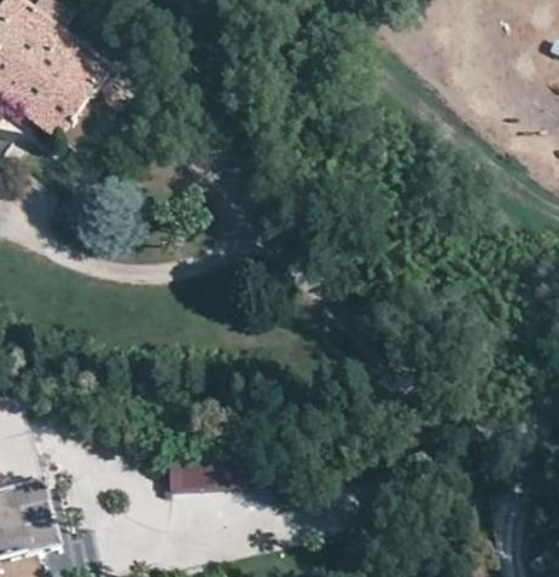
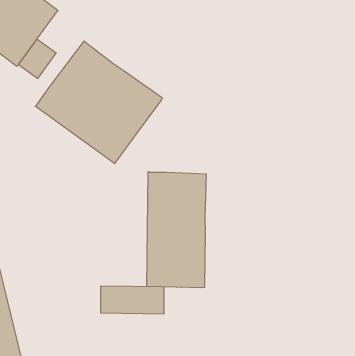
building: none -> [35,41,162,164]
building: none -> [147,172,206,288]

